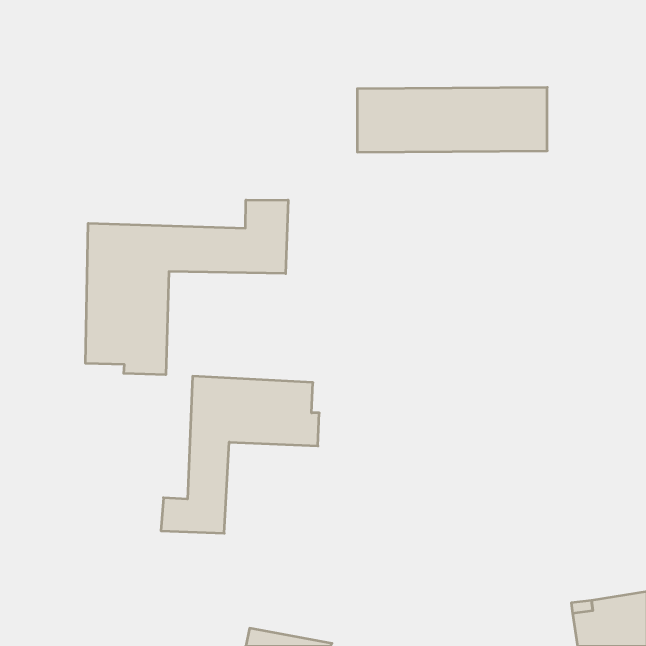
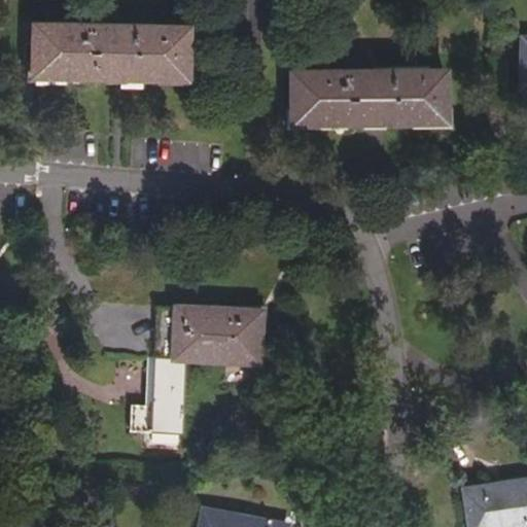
building: none -> [33,25,188,80]
building: [86,200,288,375] -> none

